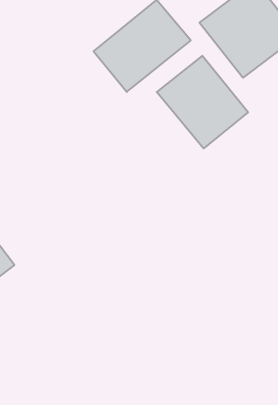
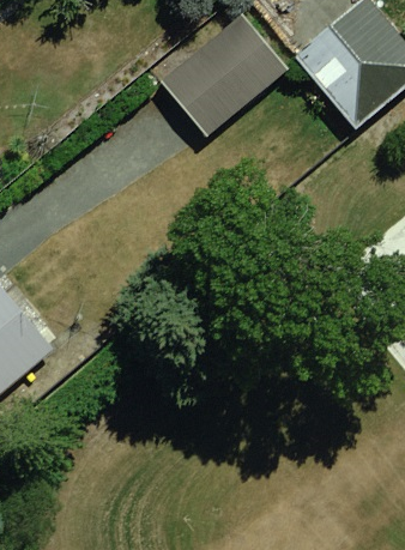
building: [157,56,248,148] -> none

